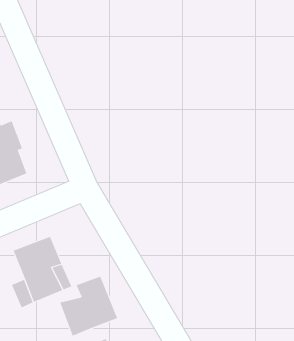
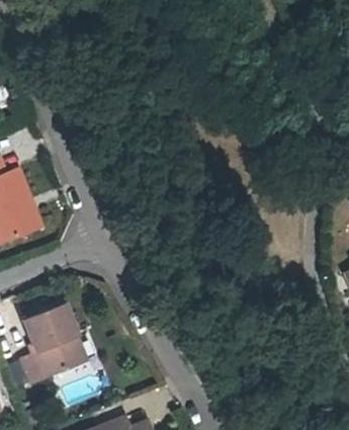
building: [60,276,118,336] -> none

